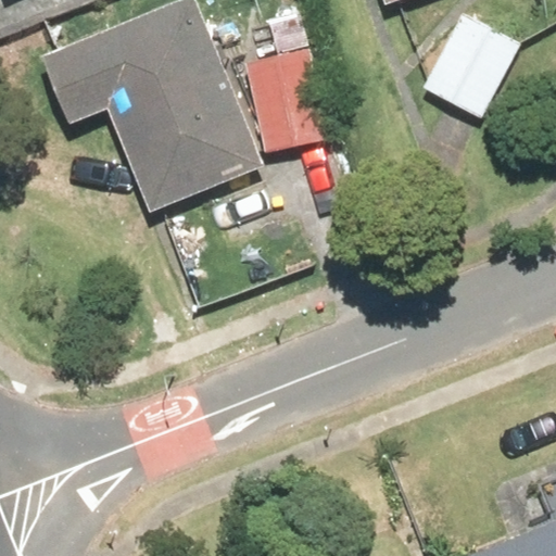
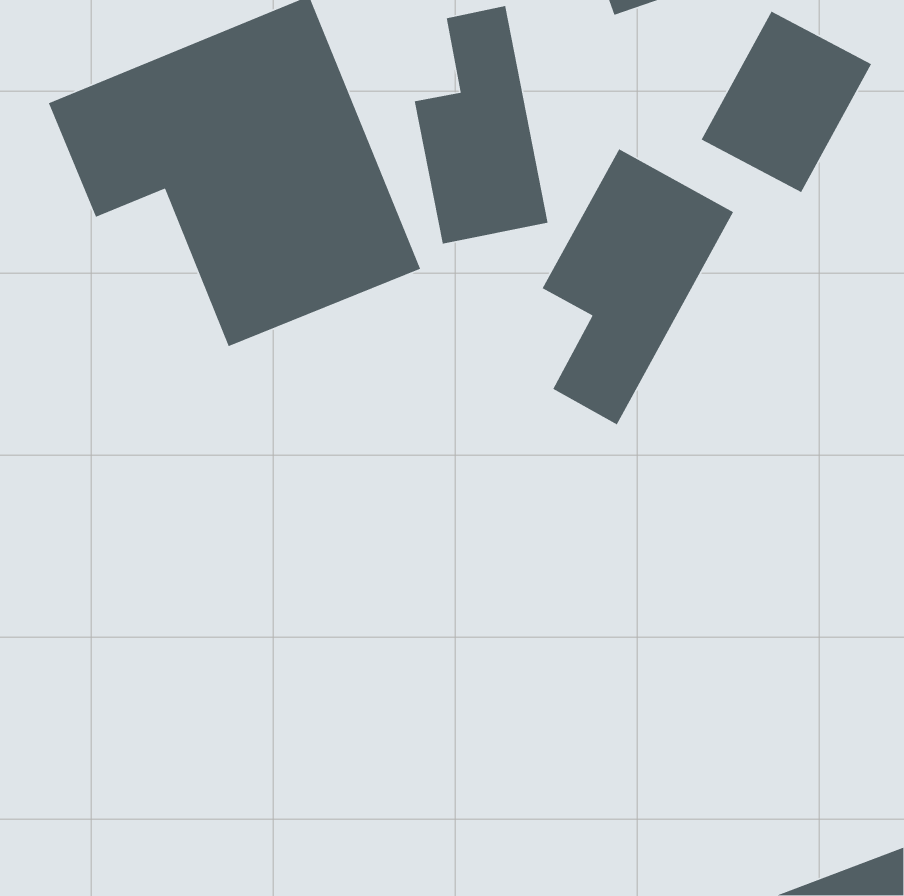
building: none -> [542,148,734,426]

